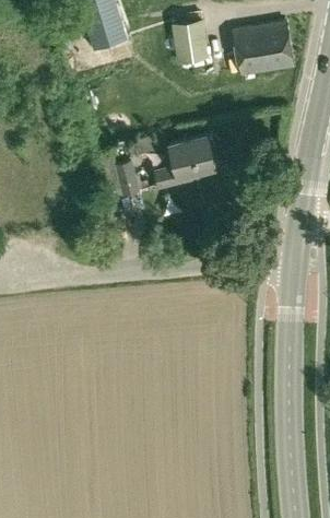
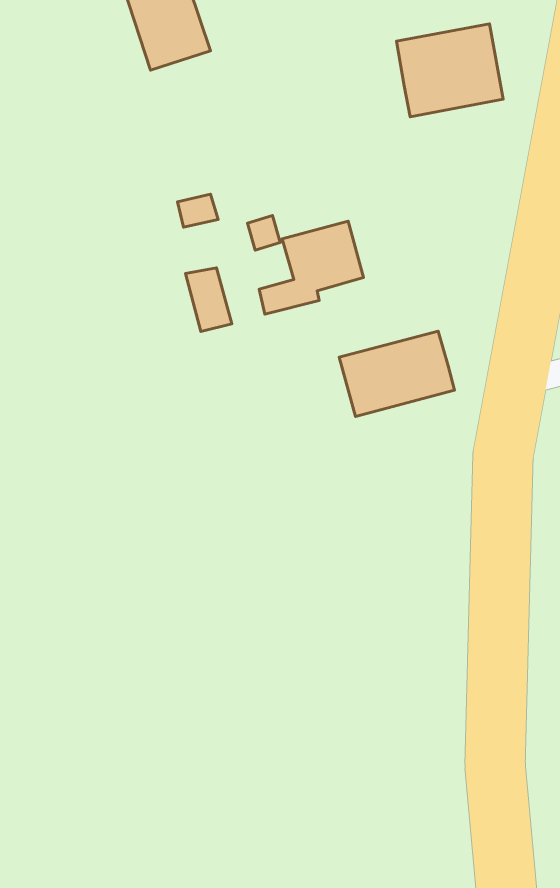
building: [170,19,208,62] -> none
building: none -> [339,331,455,417]

